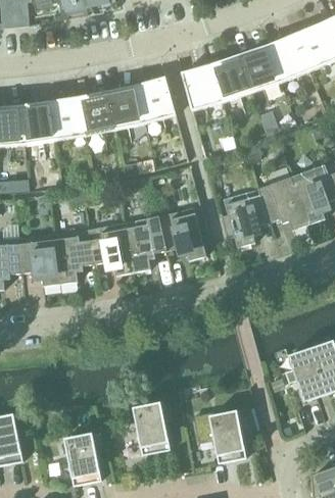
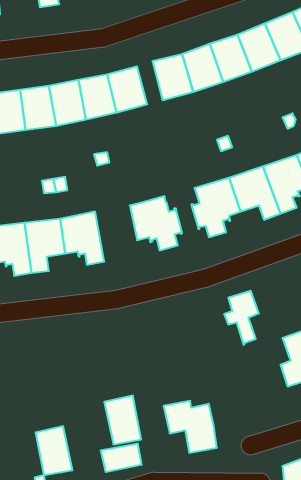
building: [124,215,165,271] -> none
building: [284,348,319,402] -> [224,291,259,345]
building: none -> [101,443,141,472]

